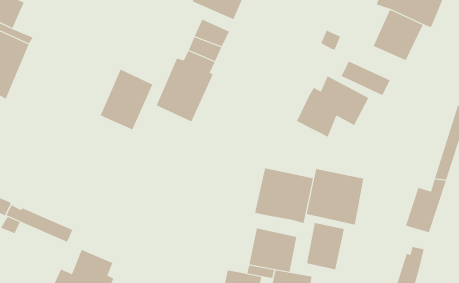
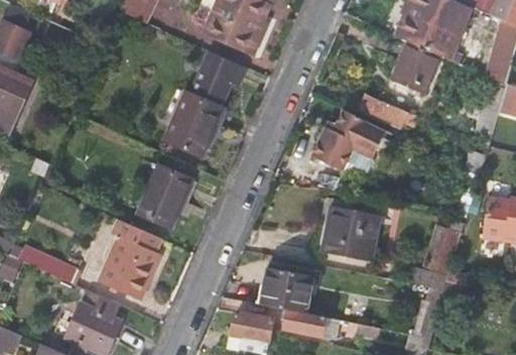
building: [100,69,153,130] -> [138,164,194,228]
building: [255,168,313,224] -> none
building: none -> [102,223,161,299]
building: [307,222,345,270] -> none

